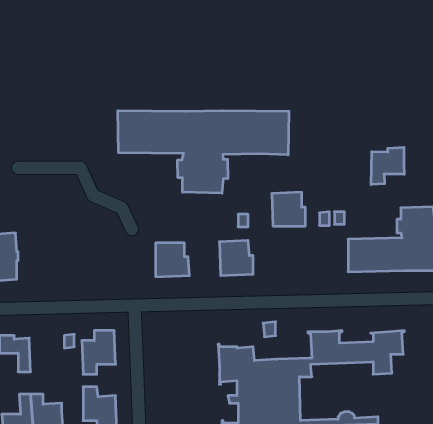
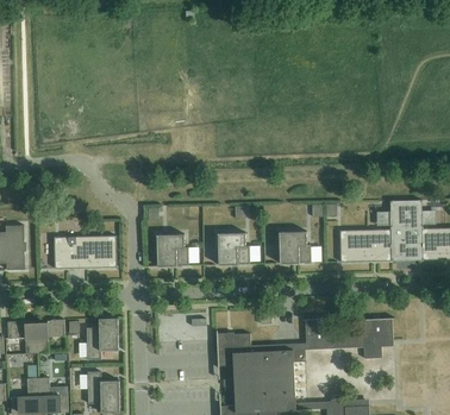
building: [118,111,289,193] -> none
building: [371,147,404,185] -> none
building: [272,192,305,226] -> [277,231,310,263]
building: none -> [54,235,115,269]
building: none -> [36,320,64,357]

